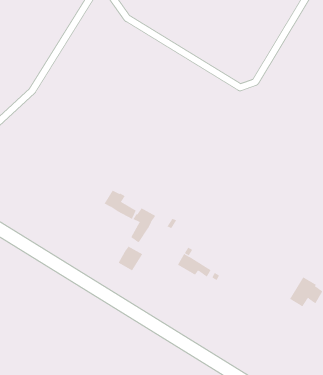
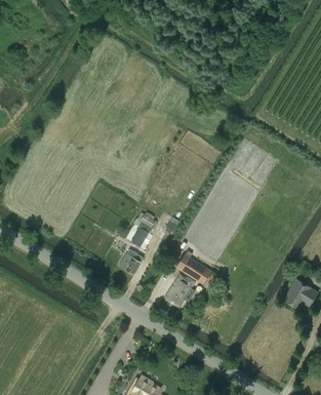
building: [104,190,136,220] -> none
building: none -> [164,273,195,307]

